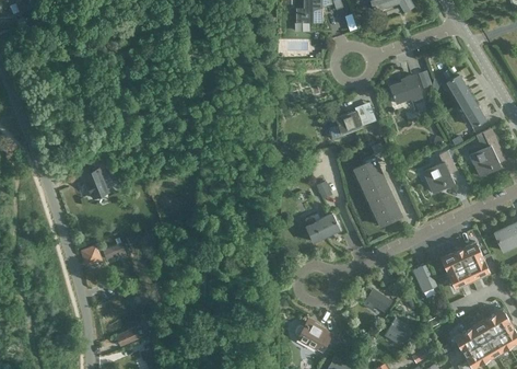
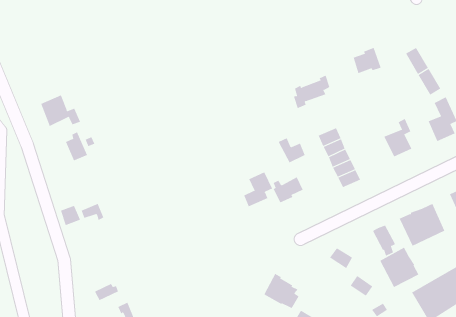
building: none -> [40,94,81,127]
building: none -> [243,171,273,207]
building: none -> [379,247,419,288]

